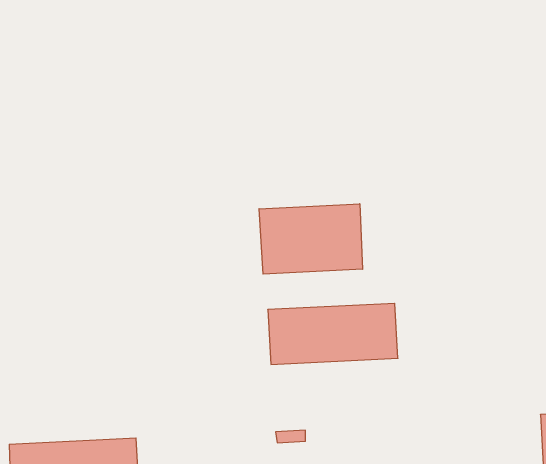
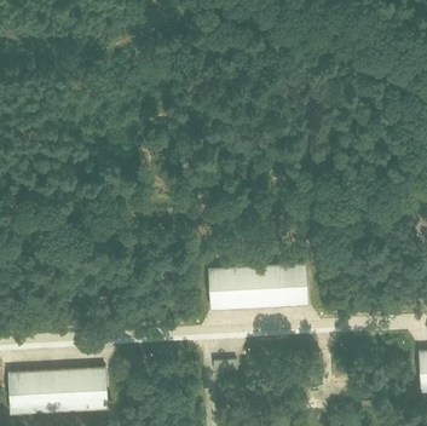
building: [259,204,363,274] -> none

